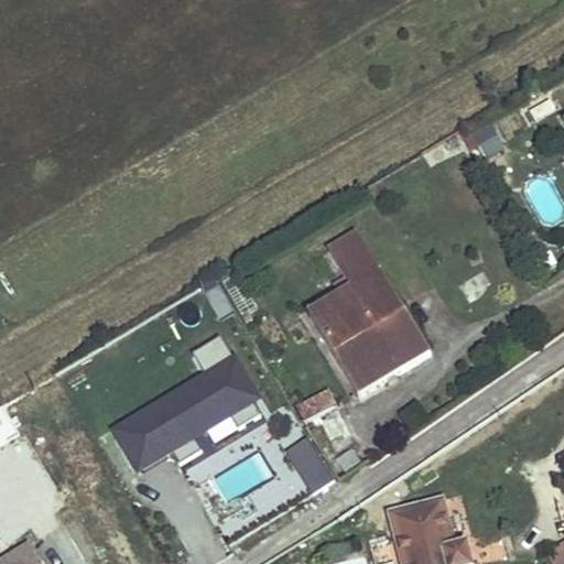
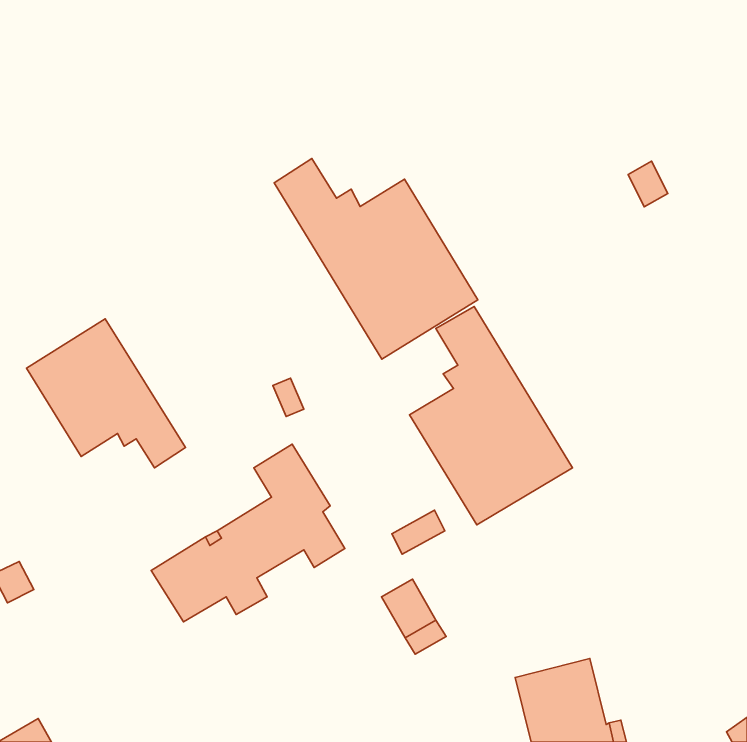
building: none -> [274,159,478,359]
building: none -> [26,319,185,468]

